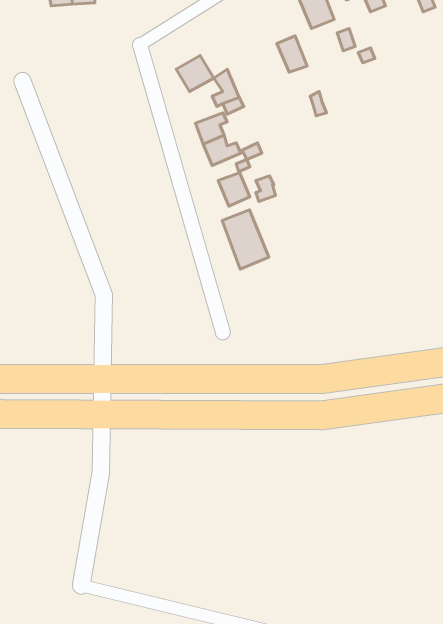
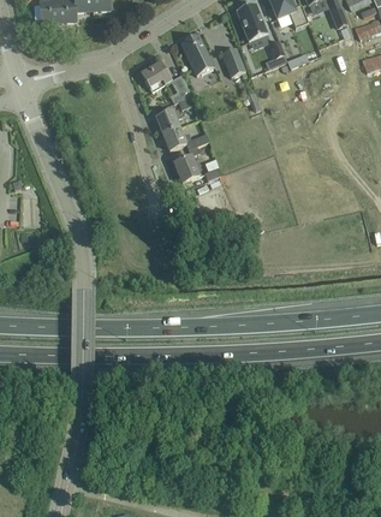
building: none -> [180,32,214,73]
building: [222,210,269,269] -> none

